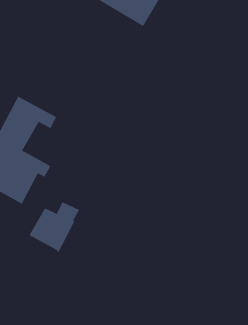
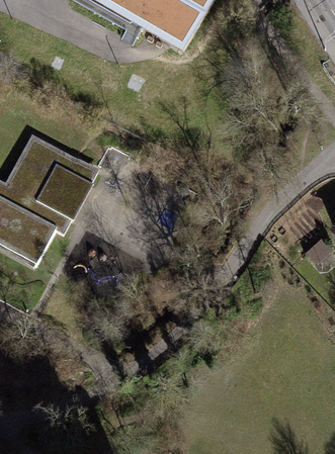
building: [28,201,80,253] -> [38,158,100,219]

